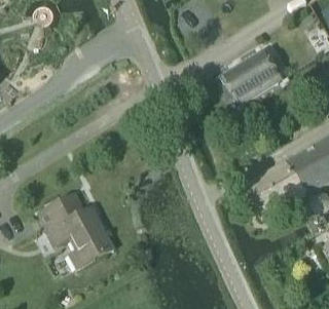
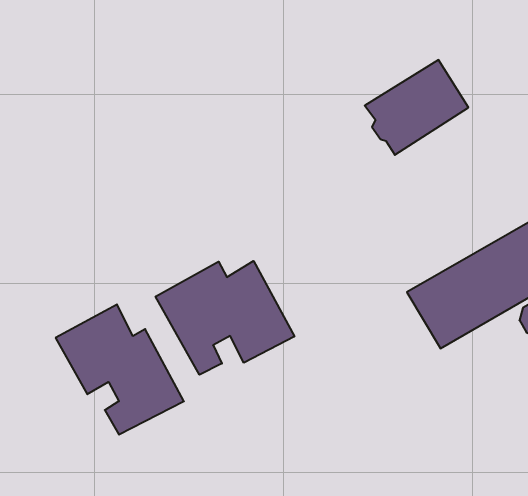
building: none -> [156,261,294,375]

